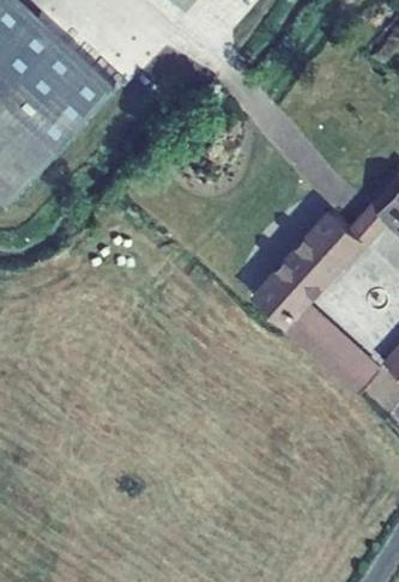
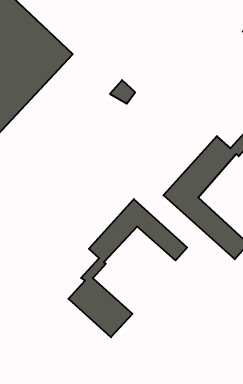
building: none -> [68,199,187,337]

